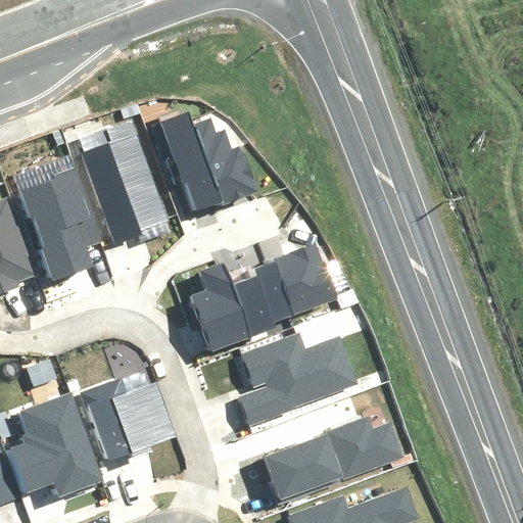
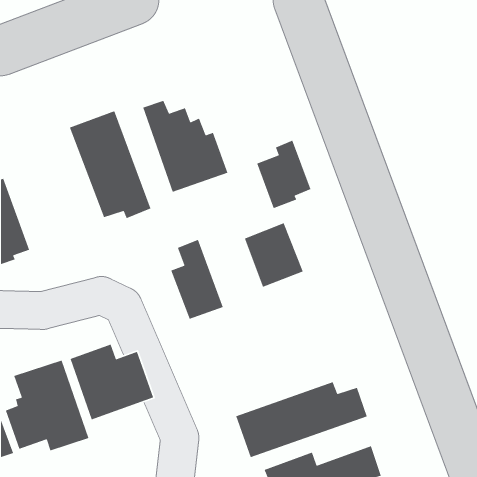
building: [19,164,103,280] -> none
building: [229,263,289,338] -> [256,140,312,209]
building: [241,334,360,423] -> none

